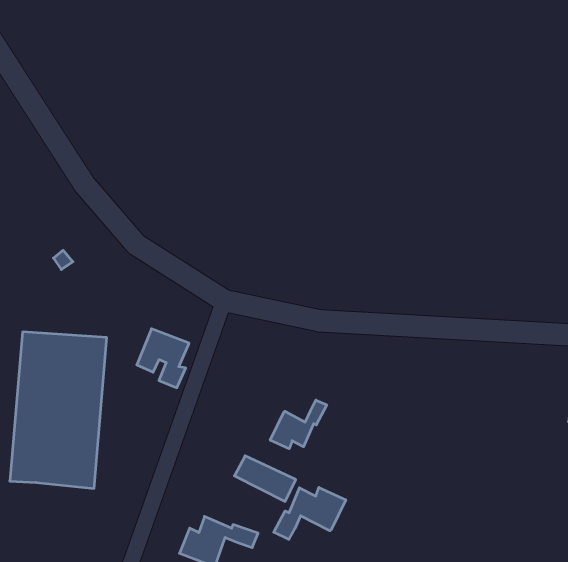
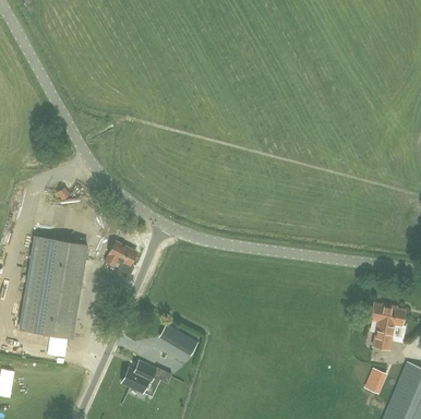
building: [270,400,327,449] -> none
building: [274,487,346,539] -> none

